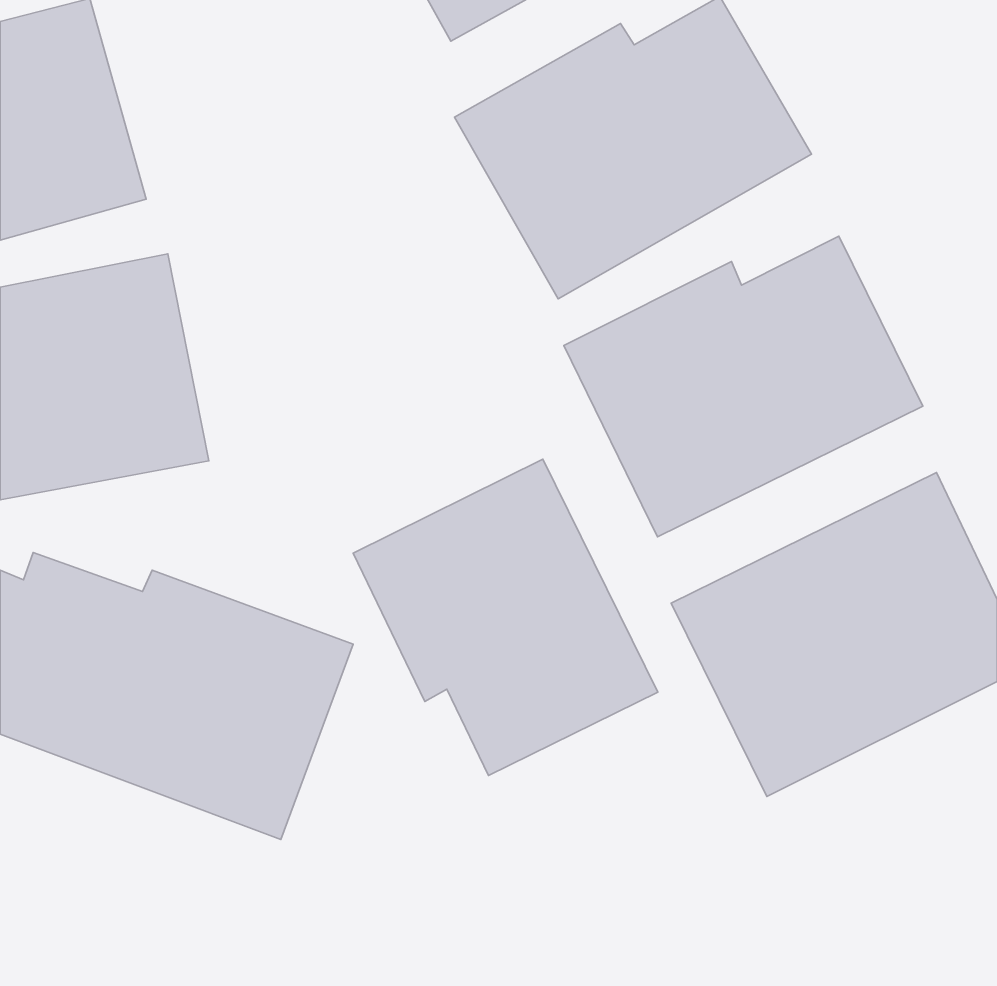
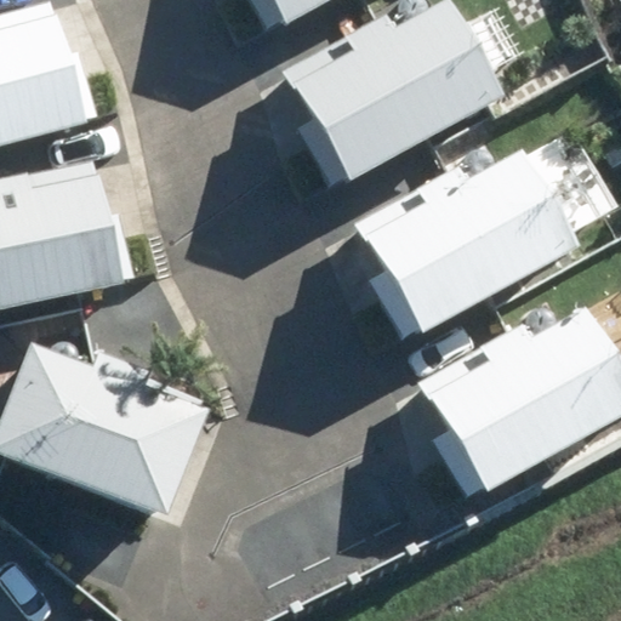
building: [353,459,658,775] -> none

